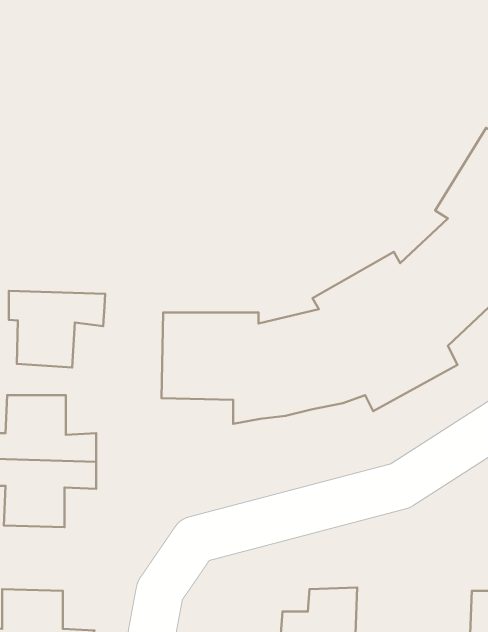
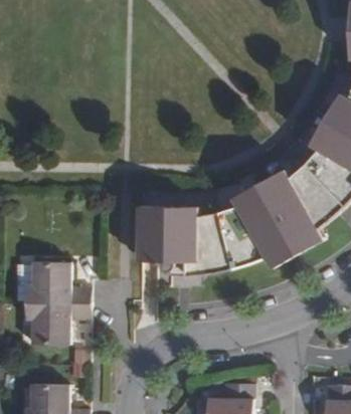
building: [9,291,105,368] -> none

